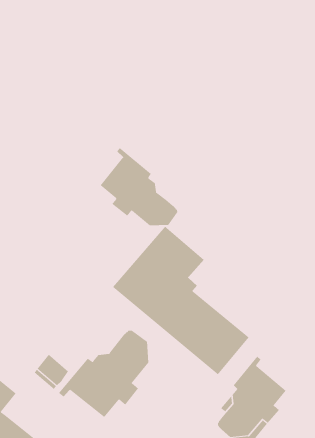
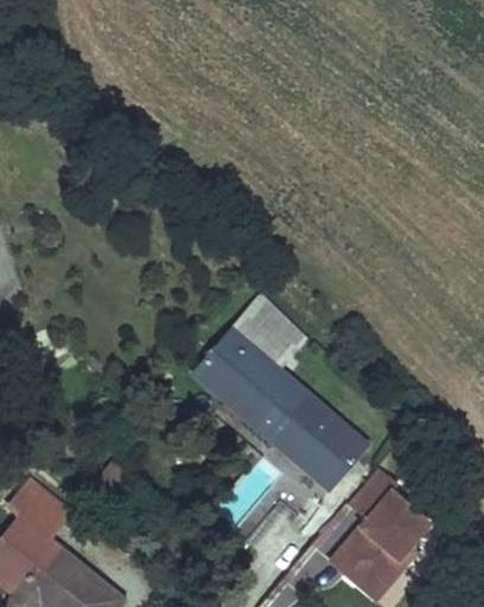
building: [100,147,178,226] -> none
building: [58,330,149,418] -> none

